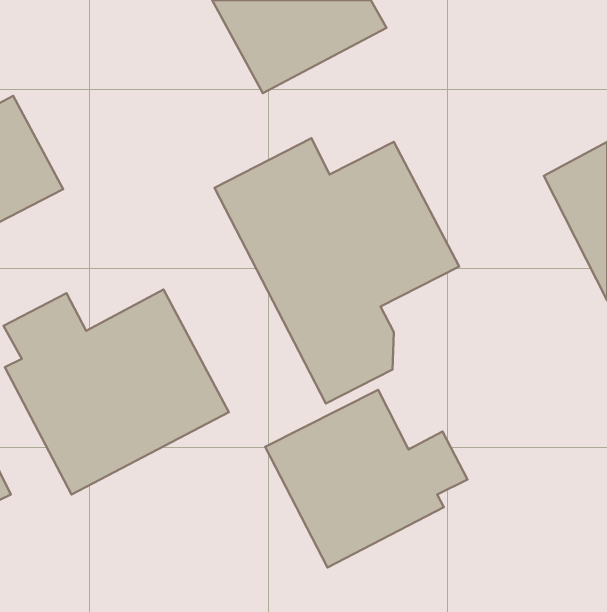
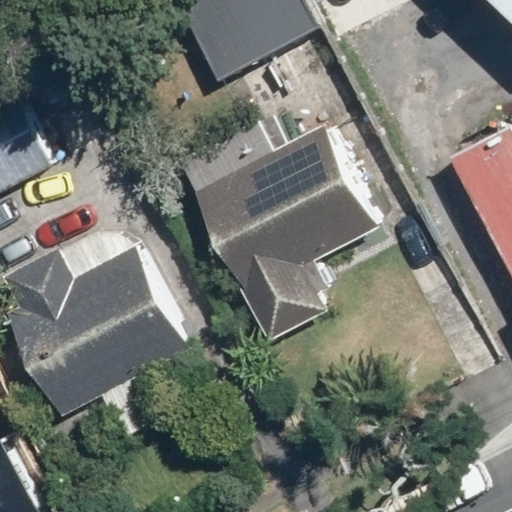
building: [265,390,468,567] -> none

